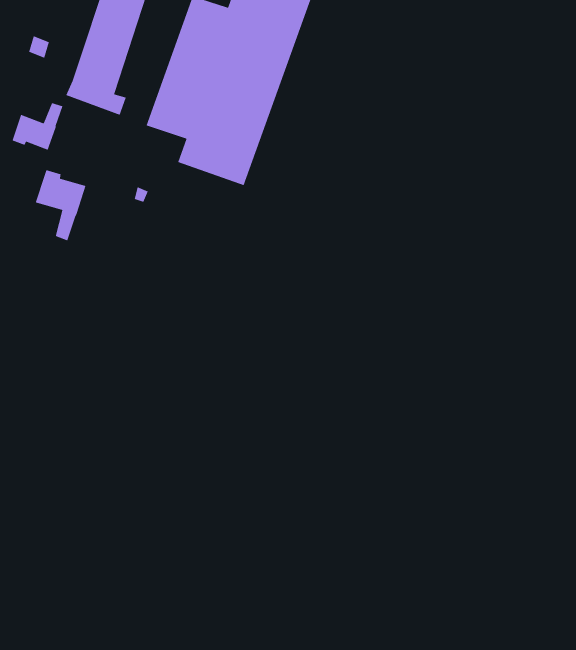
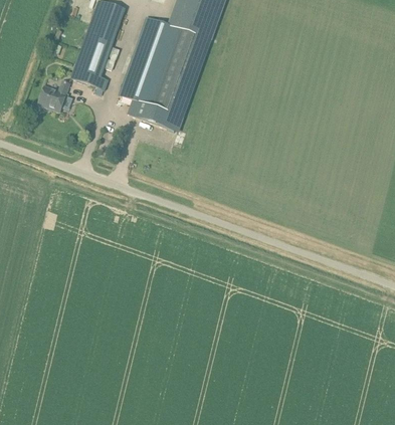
building: [33,169,86,241] -> none

